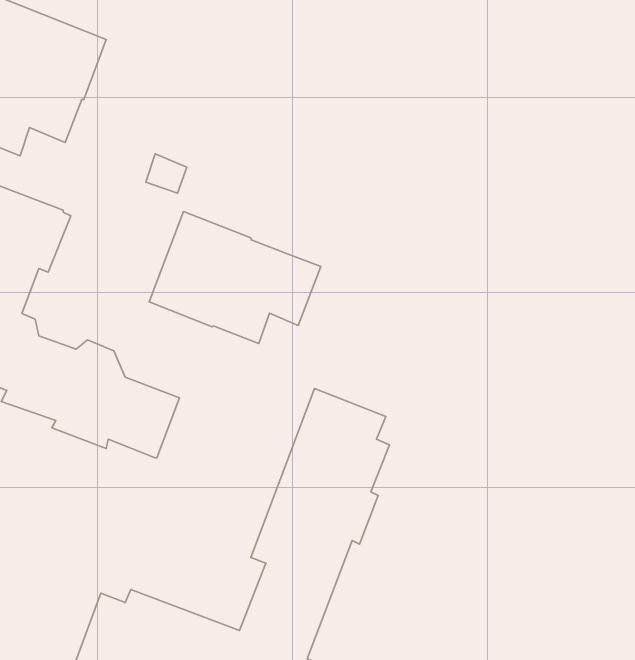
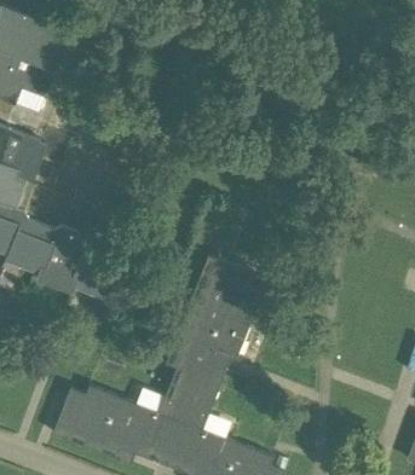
building: [149,211,321,343] -> none

